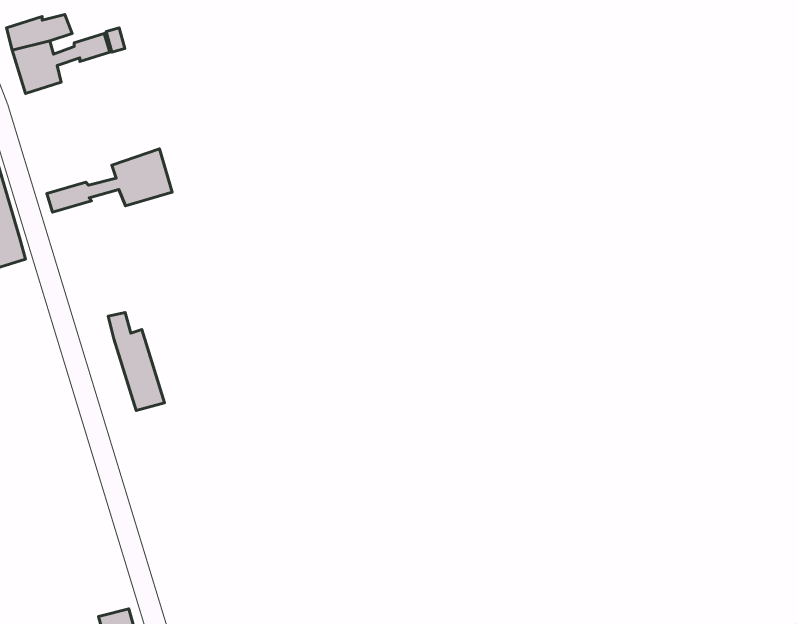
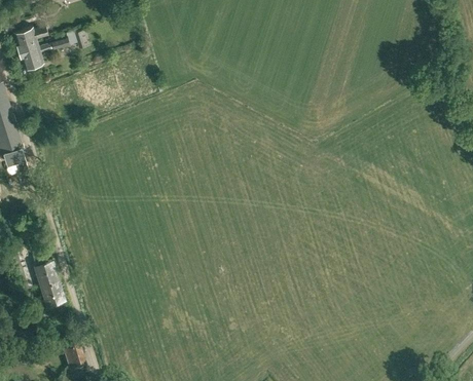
building: [47,149,172,212] -> none
building: [108,313,165,410] -> [32,250,63,303]

